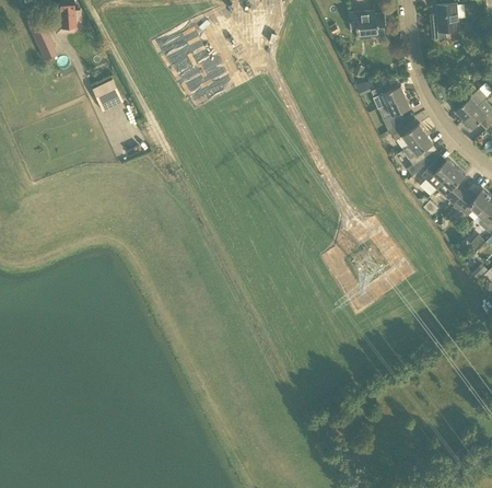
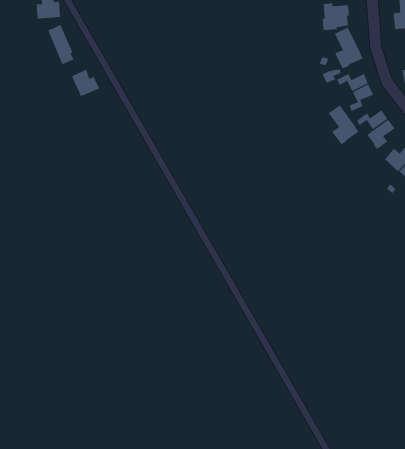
building: [28,19,57,61] -> [47,24,74,65]
building: none -> [334,27,363,69]
building: none -> [328,105,359,145]

